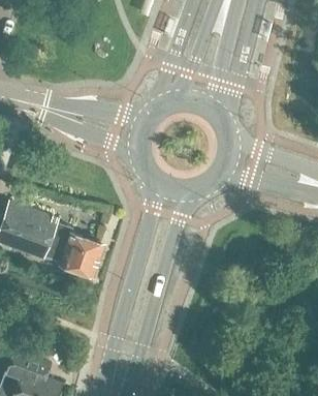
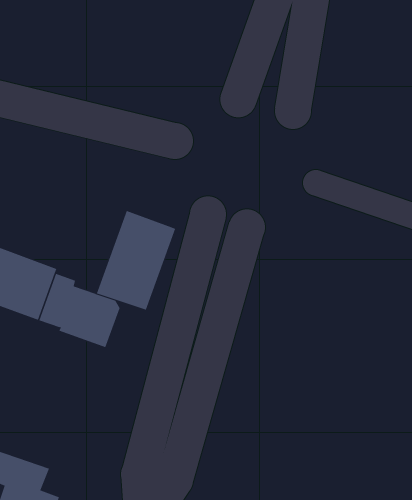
building: none -> [96,210,176,311]

